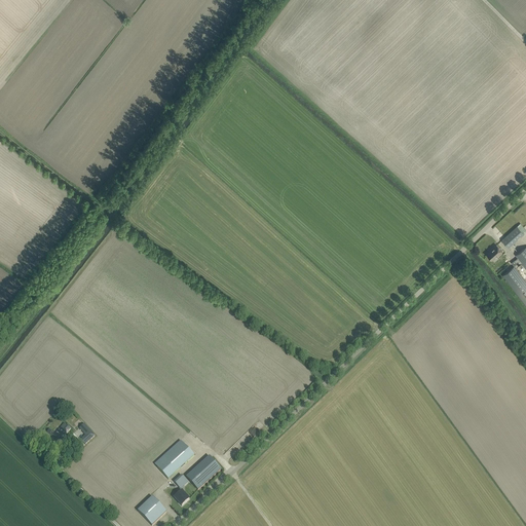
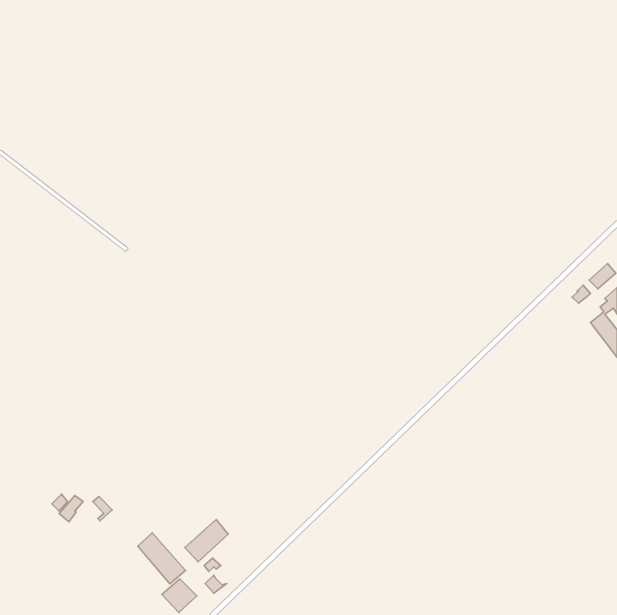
building: none -> [138,533,186,584]
building: [186,455,221,488] -> none

